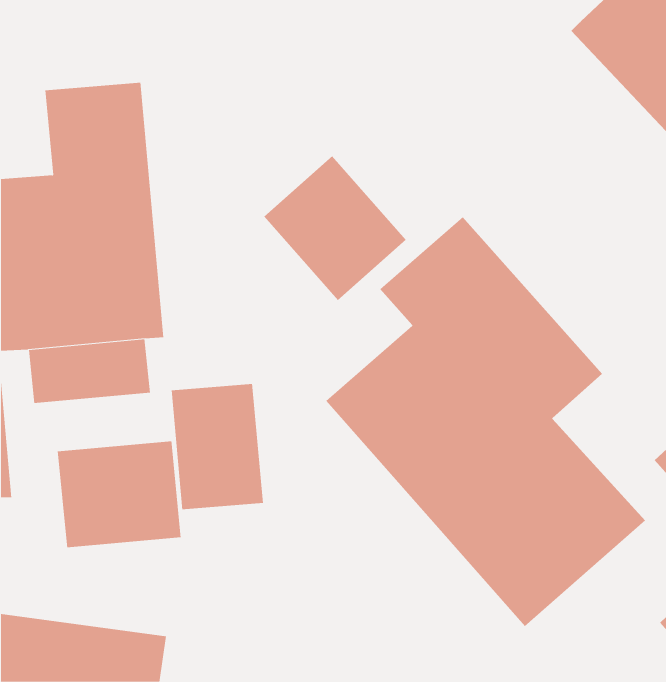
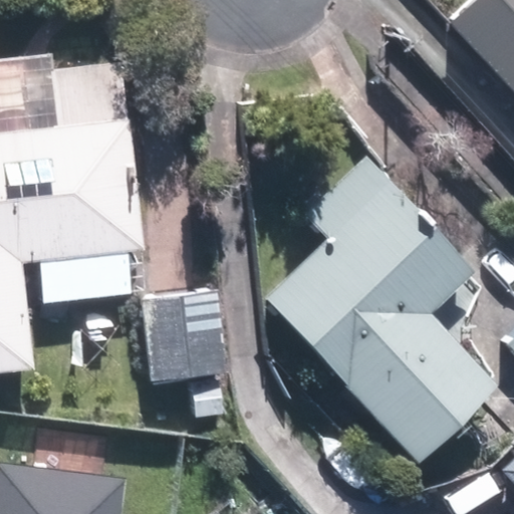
building: [263,155,406,301] -> none
building: [57,441,181,548] -> none

